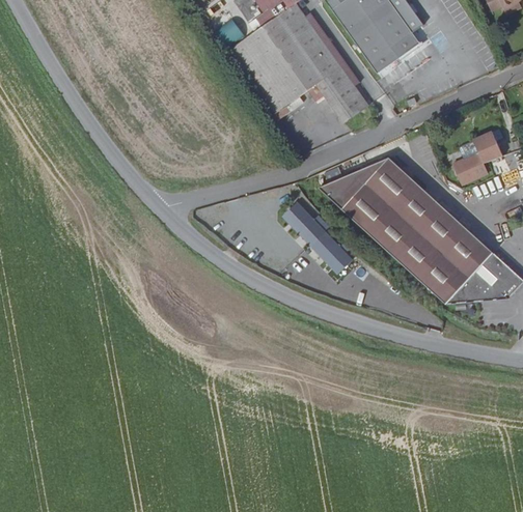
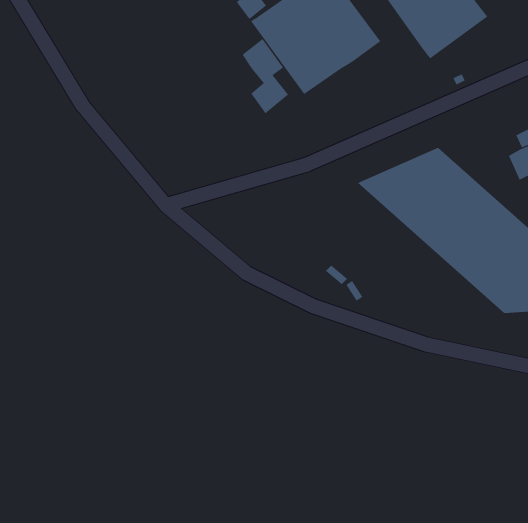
building: none -> [242,38,289,114]
building: [307,65,367,121] -> none
building: [279,198,352,273] -> none

